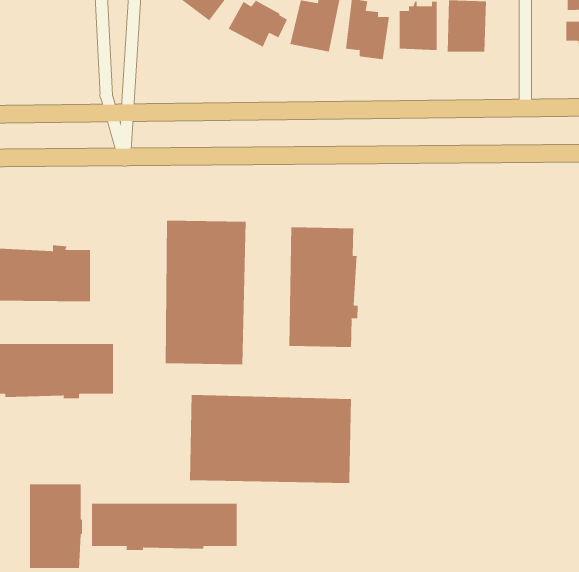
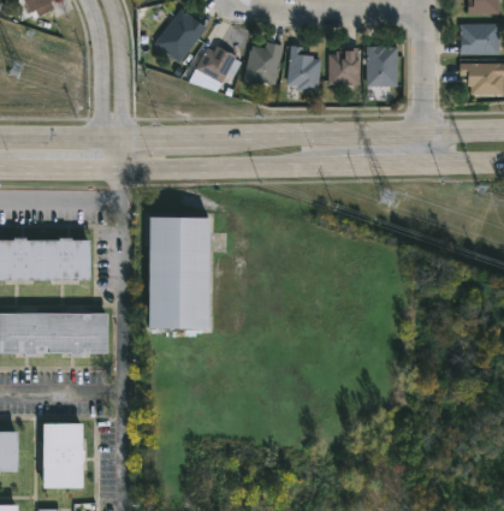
building: [289,227,358,348] -> none
building: [190,394,351,484] -> none
building: [91,503,237,551] -> none

